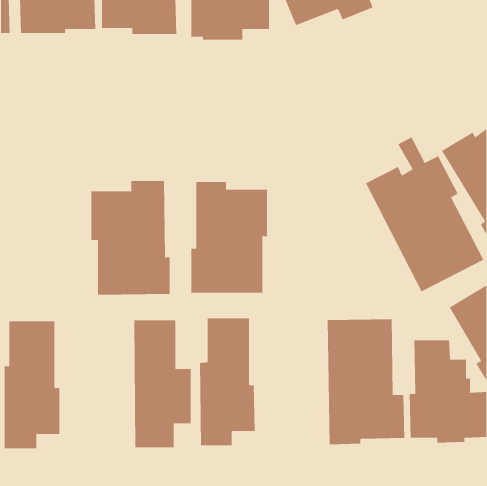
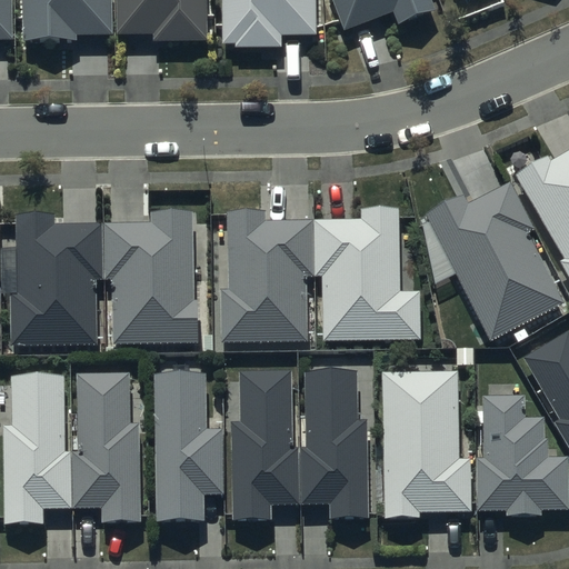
building: none -> [315,208,420,341]
building: none -> [12,213,101,343]
building: none -> [302,370,368,518]
building: none -> [74,372,141,521]

